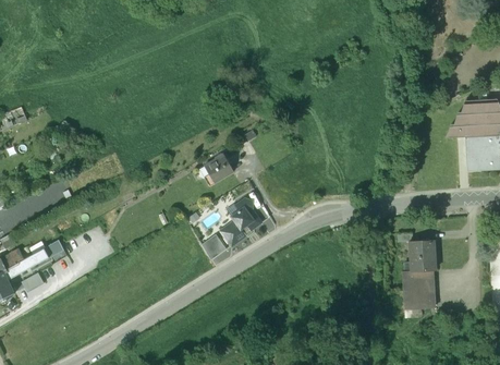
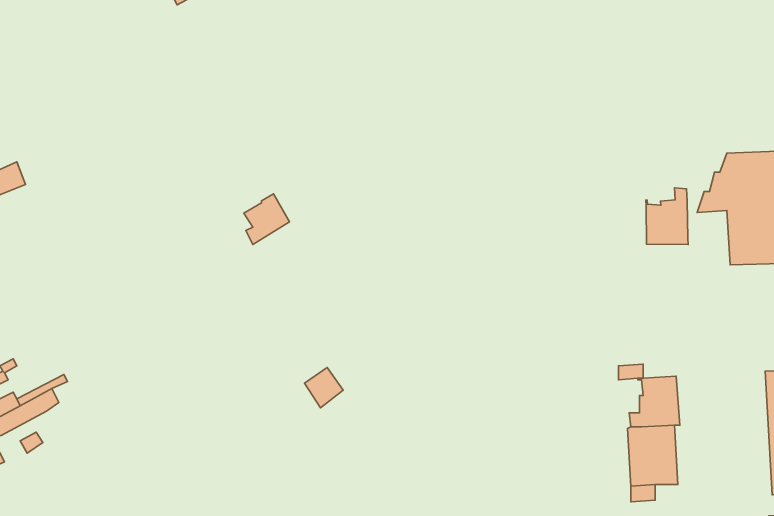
building: none -> [646,188,688,245]
building: [205,154,233,185] -> [244,194,289,245]
building: [220,197,260,246] -> none

